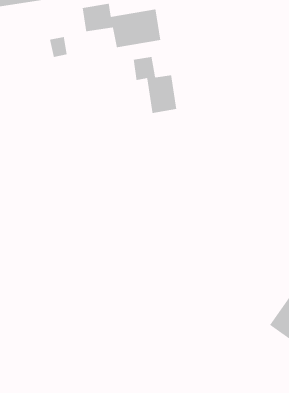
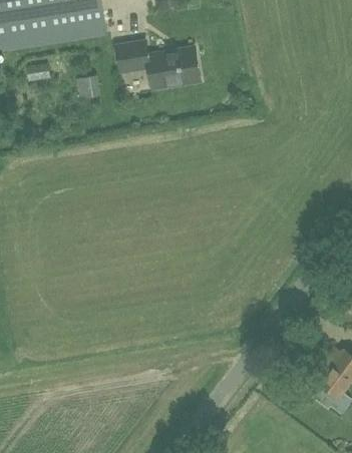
building: [133,56,177,114] -> none

